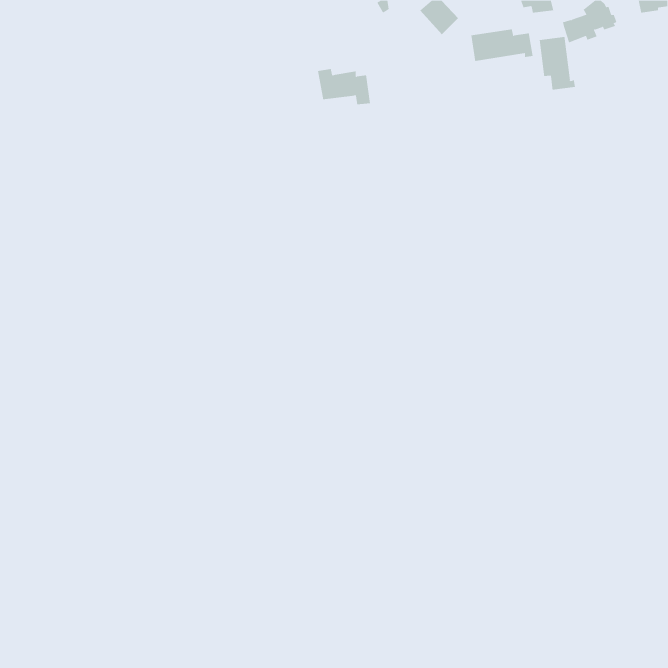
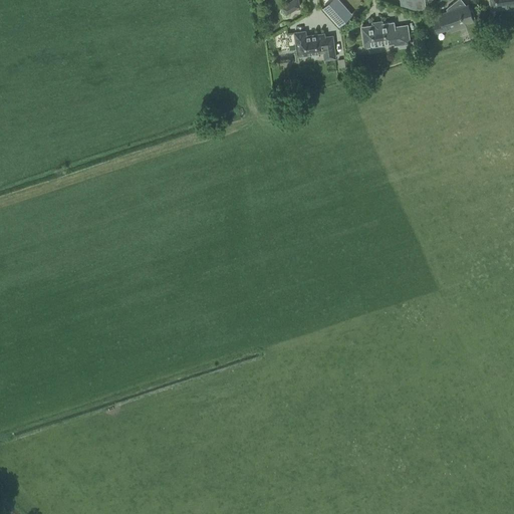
building: [539,36,575,90] -> none
building: [317,68,371,105] -> [294,31,335,59]

